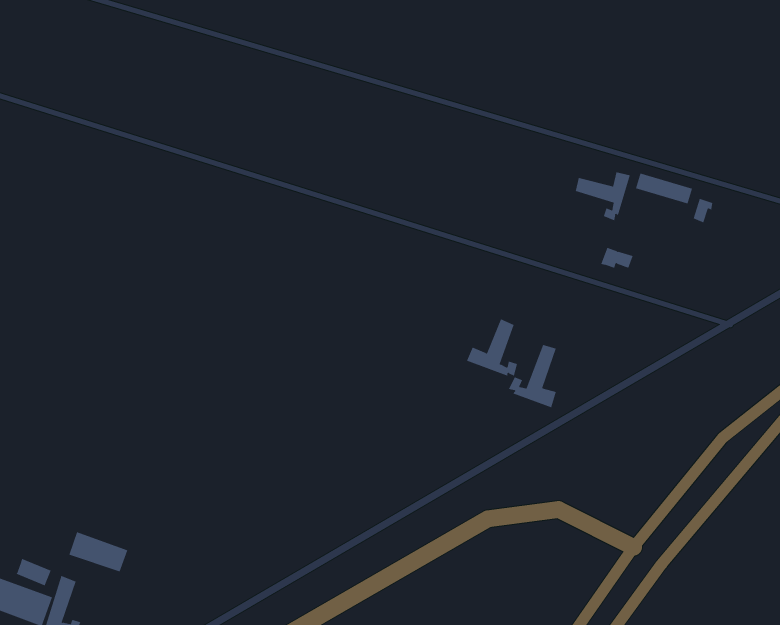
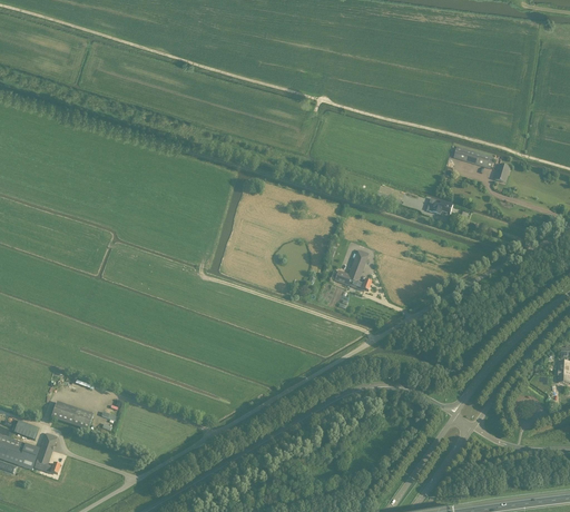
building: [575,172,630,221] -> none
building: [508,344,557,408] -> none

